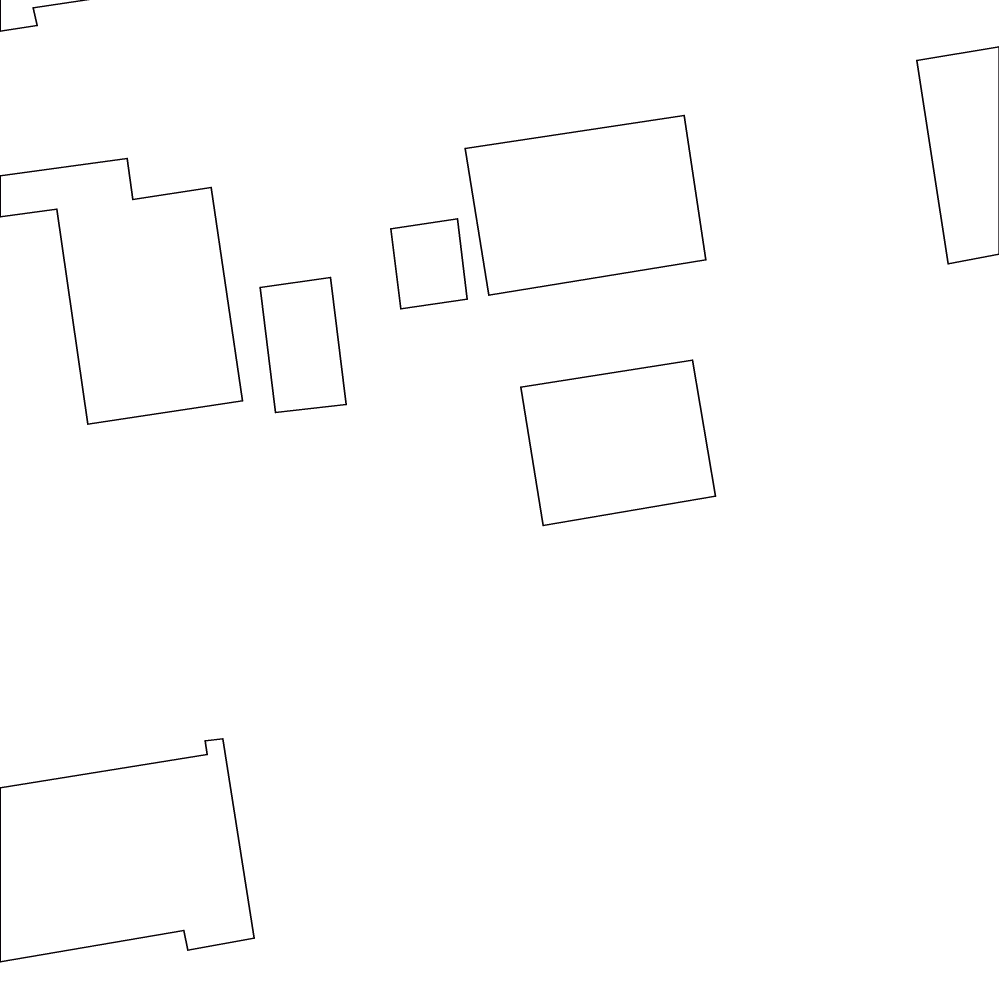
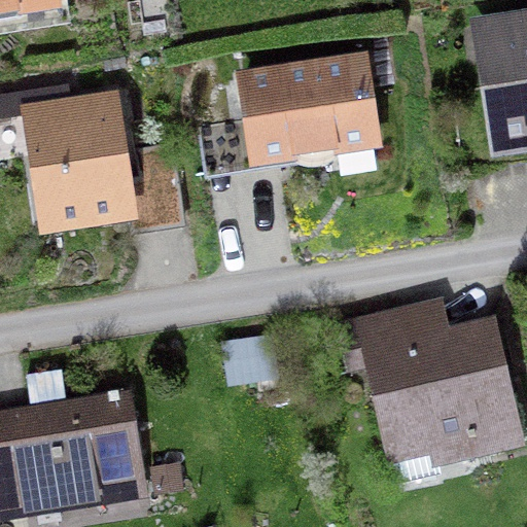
building: [521,360,715,525] -> none
building: none -> [340,311,520,479]

